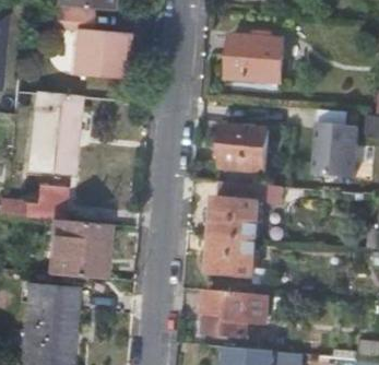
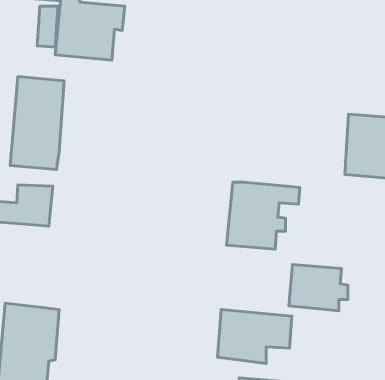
building: [228,36,286,81] -> none
building: [222,127,271,186] -> none
building: [48,219,106,279] -> none
building: [212,236,262,275] -> [289,265,348,311]

